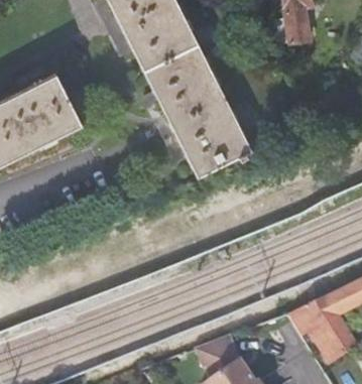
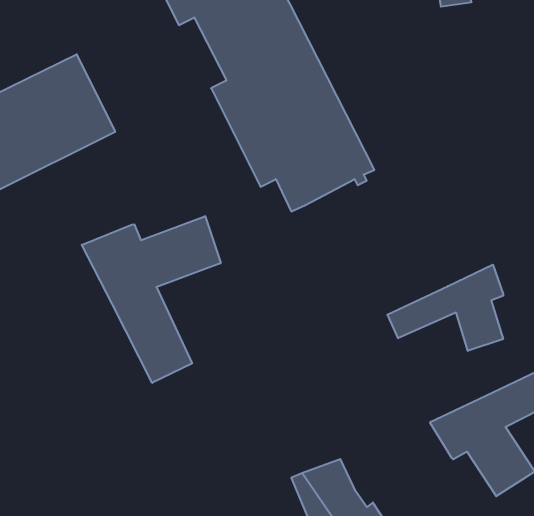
building: none -> [82,216,221,383]
building: none -> [387,265,503,351]

